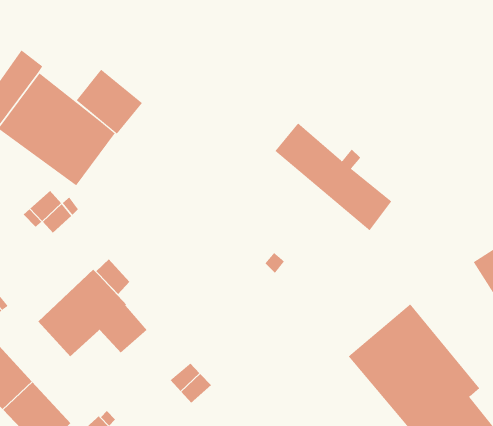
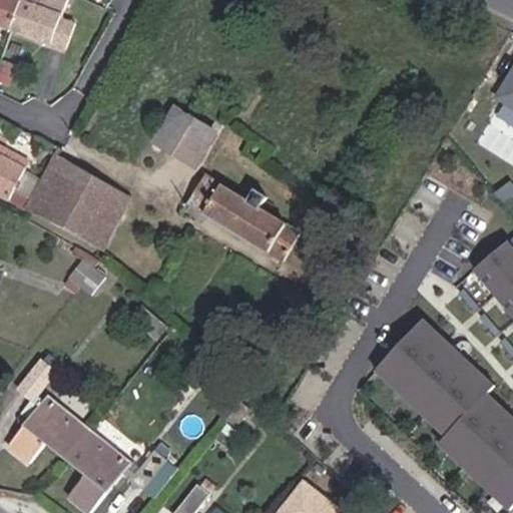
building: [76,69,143,134] -> [156,112,216,168]
building: [275,123,392,231] -> [189,176,301,264]
building: [37,269,148,357] -> none

